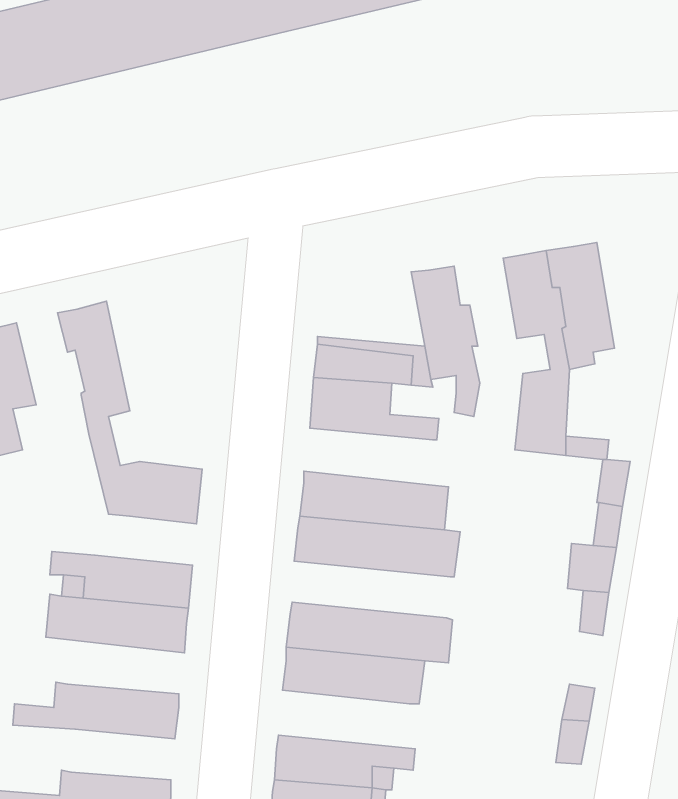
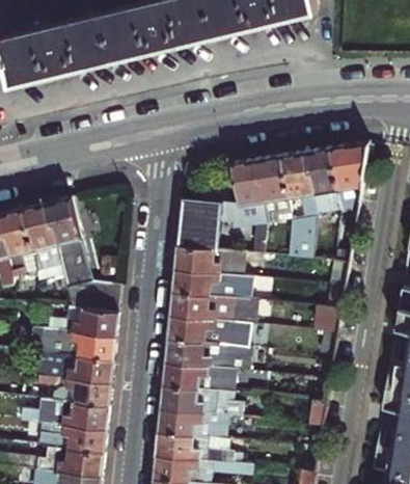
building: none -> [328,154,365,222]
building: none -> [252,168,285,235]
building: none -> [20,197,58,265]
building: none -> [172,259,241,289]
building: none -> [61,305,115,331]
building: none -> [166,329,250,359]
building: none -> [34,370,109,400]
building: none -> [159,398,258,431]
building: none -> [49,419,104,446]

